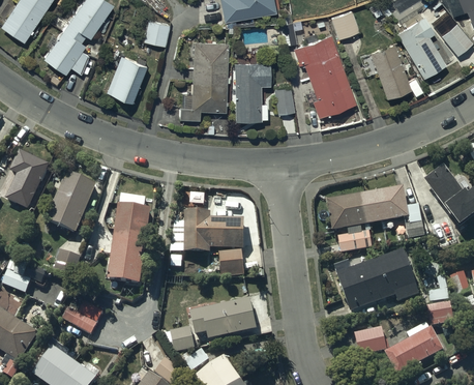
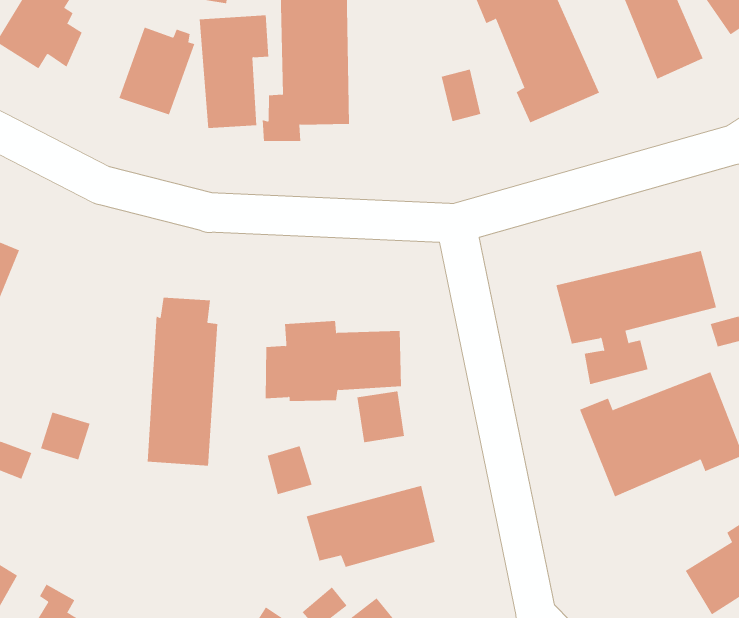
building: [233,61,268,118] -> [199,15,269,128]
building: [48,171,97,232] -> none
building: [66,301,103,333] -> none
building: [172,326,195,351] -> [267,446,312,495]
building: [355,327,386,356] -> none

